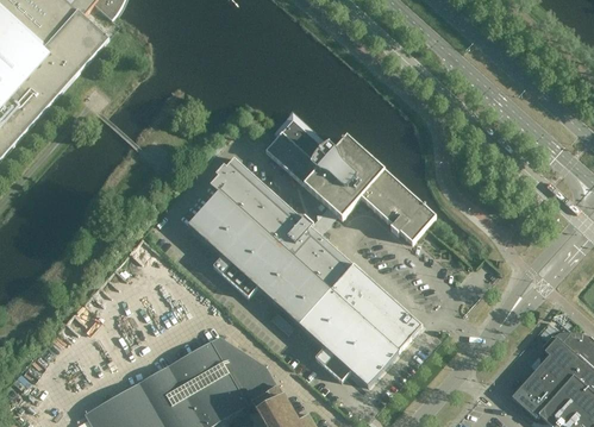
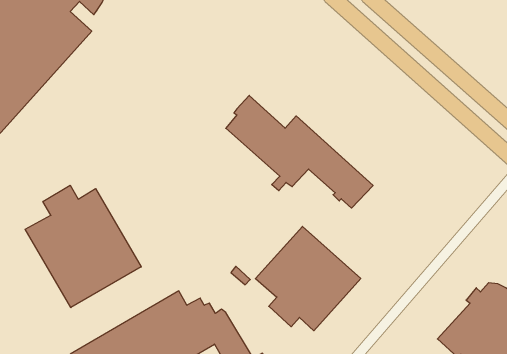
building: [187,157,354,326] -> none
building: none -> [25,185,141,308]

